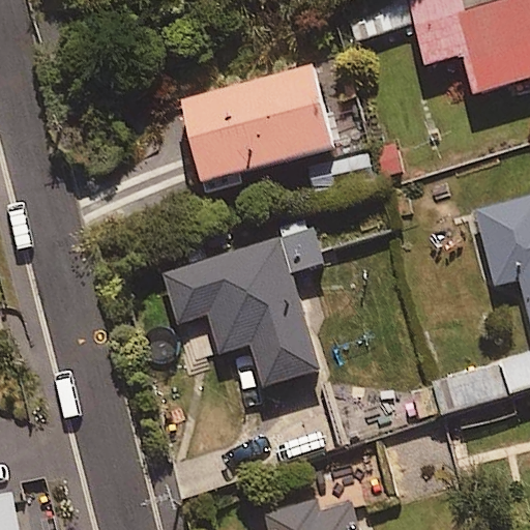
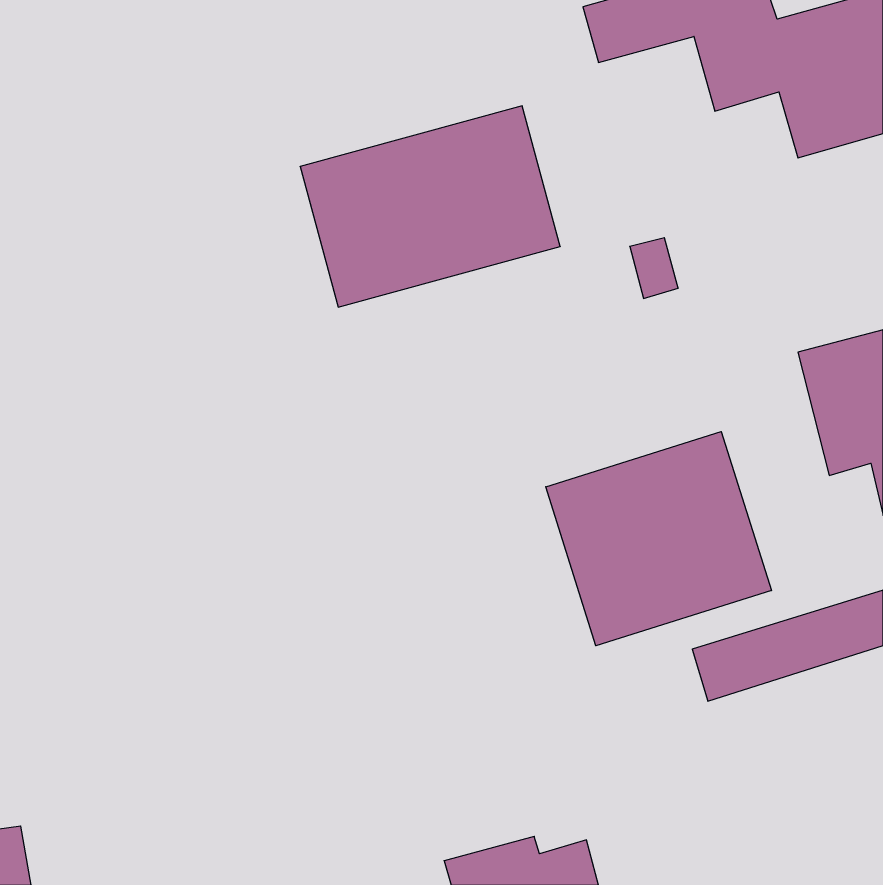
building: [163,216,323,389] -> none
building: none -> [546,432,771,646]

